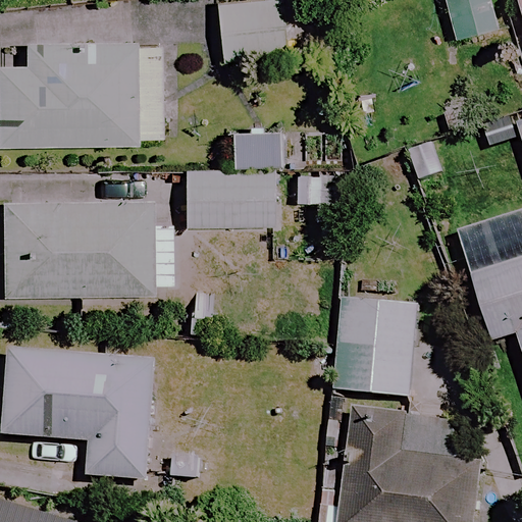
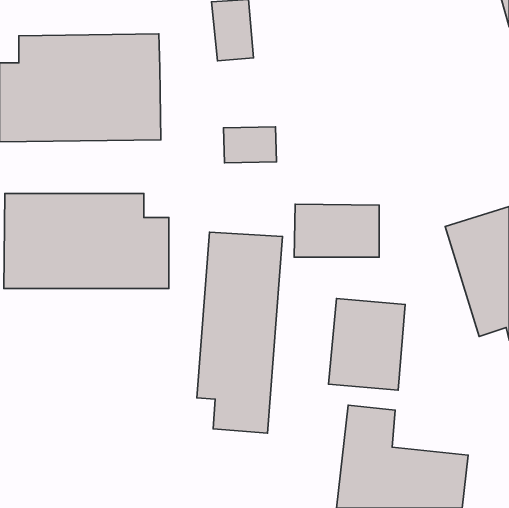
building: [186,172,272,226] -> [294,204,379,257]
building: none -> [197,232,283,433]
building: [5,350,158,481] -> none

